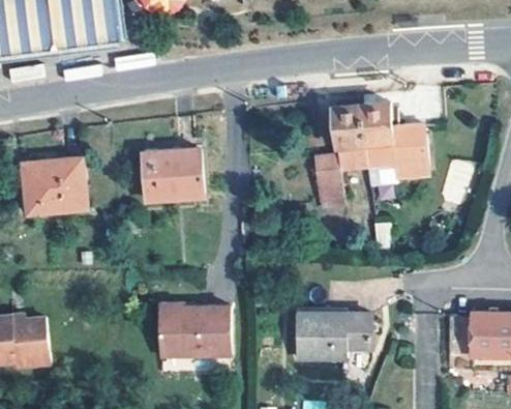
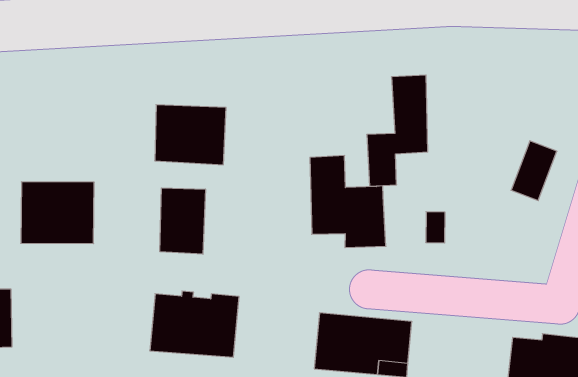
building: [361,107,429,181] -> [310,156,386,248]
building: [29,155,92,210] -> [21,182,94,244]
building: none -> [160,188,205,254]

